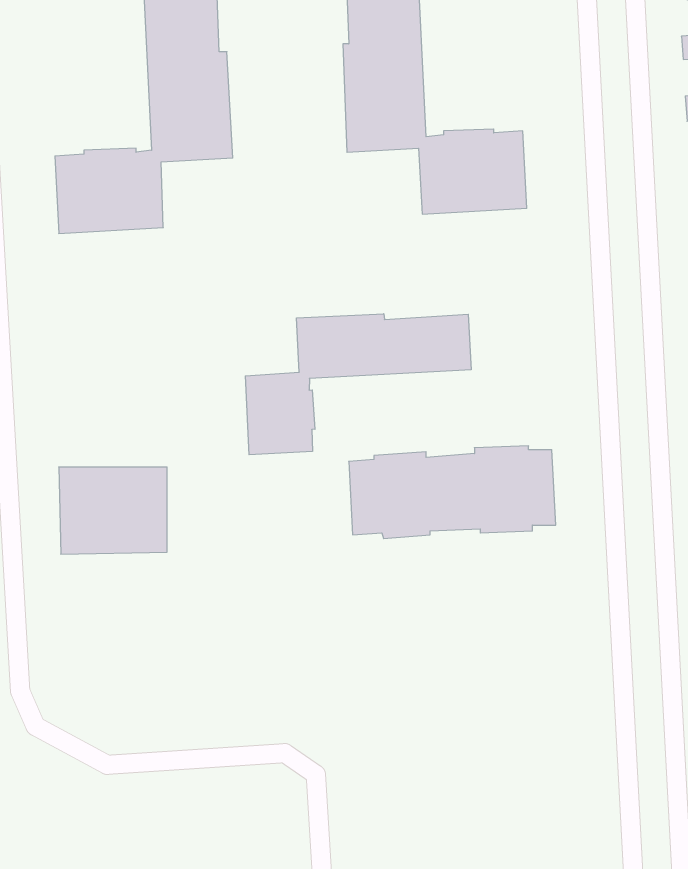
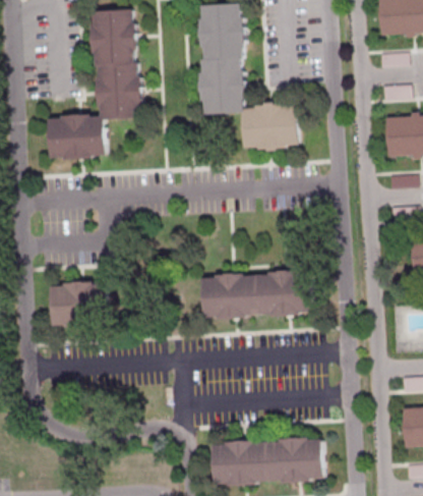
building: [245,314,471,455] -> none
building: none -> [213,437,321,486]

